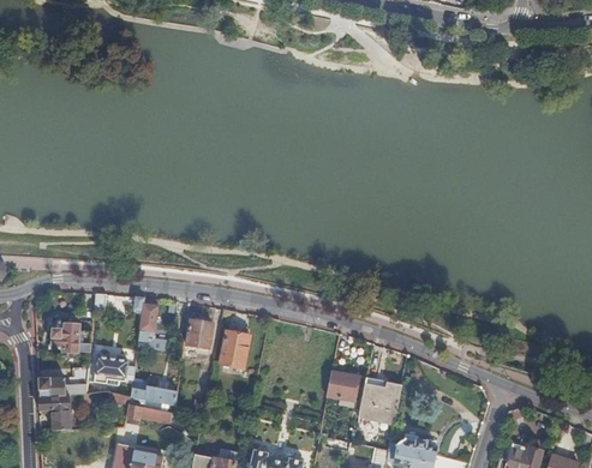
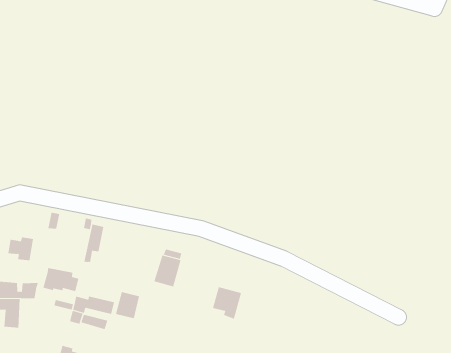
building: [186,319,213,349] -> [115,291,140,319]
building: [327,371,359,407] -> [212,287,242,319]
building: [359,380,401,424] -> none

